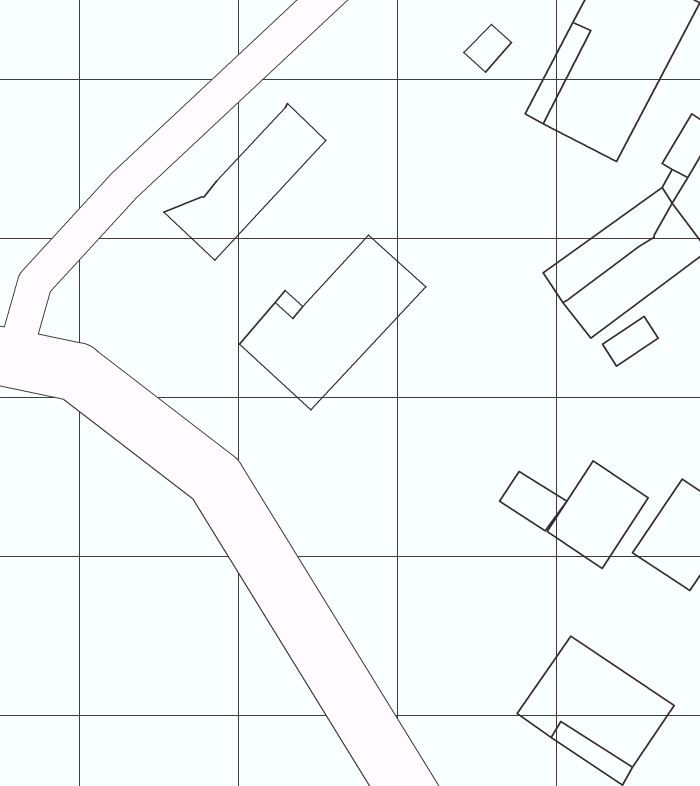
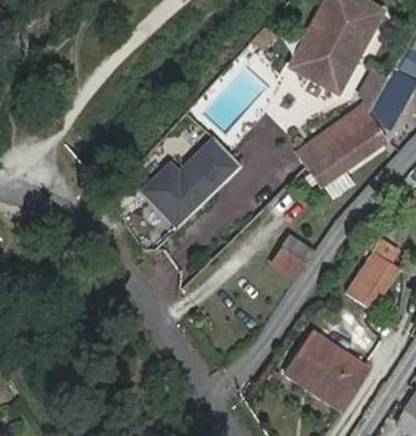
building: [164,104,326,260] -> none
building: [547,461,648,568] -> none

